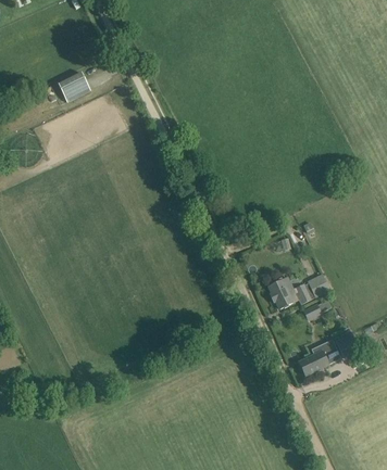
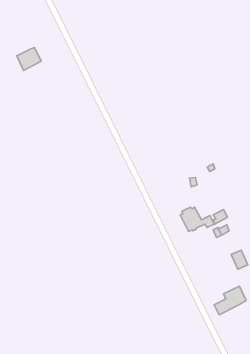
building: [297,339,338,376] -> [214,286,246,315]

